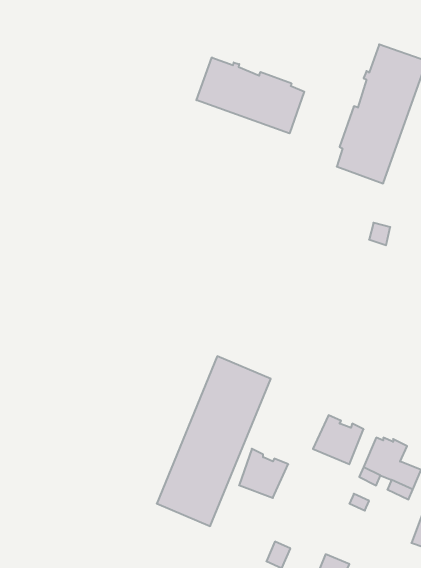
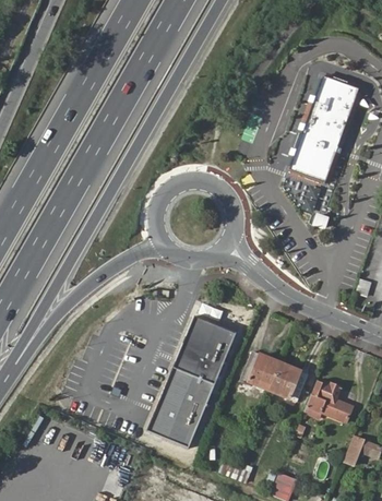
building: [196,57,304,133] -> none
building: [239,449,288,498] -> [244,350,283,389]

